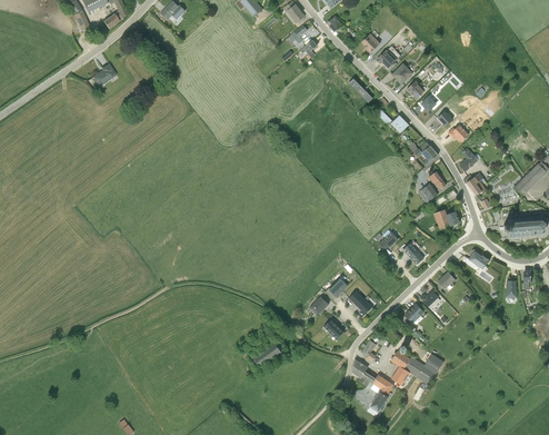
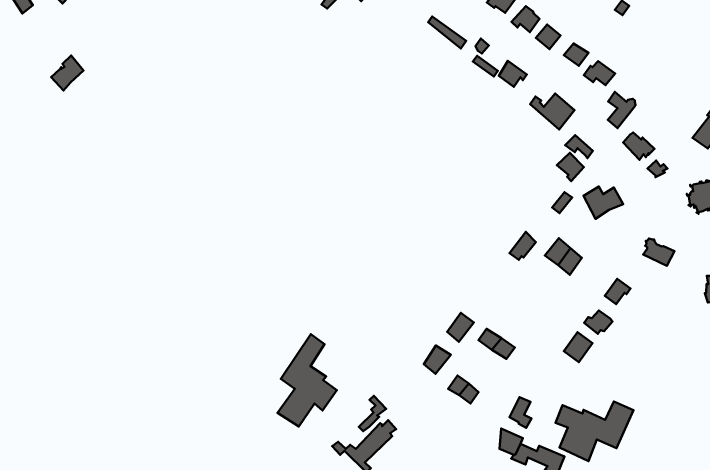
building: none -> [277,334,337,426]

